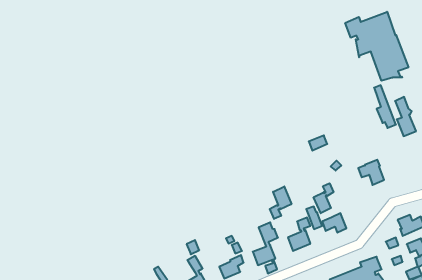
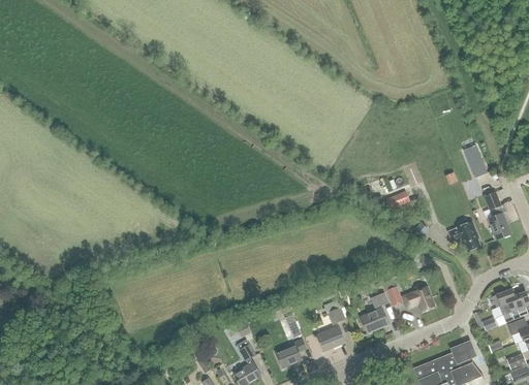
building: [345,12,408,81] -> none
building: [395,97,416,136] -> [485,191,510,239]
building: [314,183,333,213] -> none
building: [270,186,291,219] -> none

